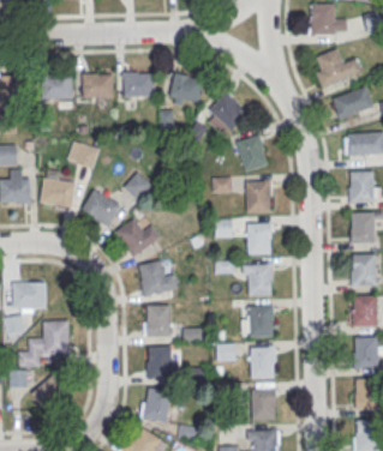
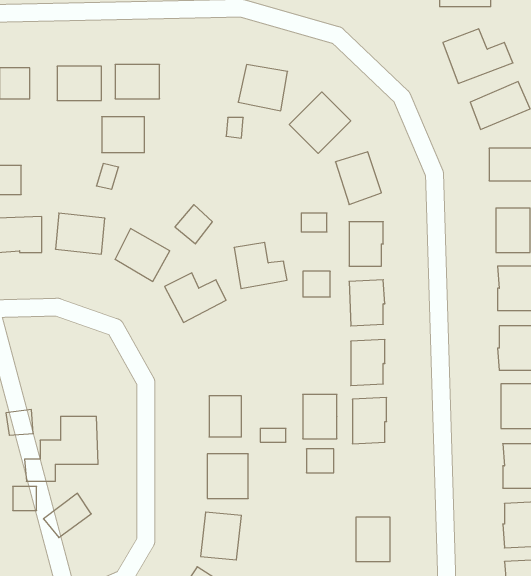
building: [124,71,154,96] -> [102,117,144,153]
building: [139,260,176,293] -> [234,242,287,289]
building: [12,282,46,311] -> none
building: [250,349,274,380] -> [303,394,337,439]

